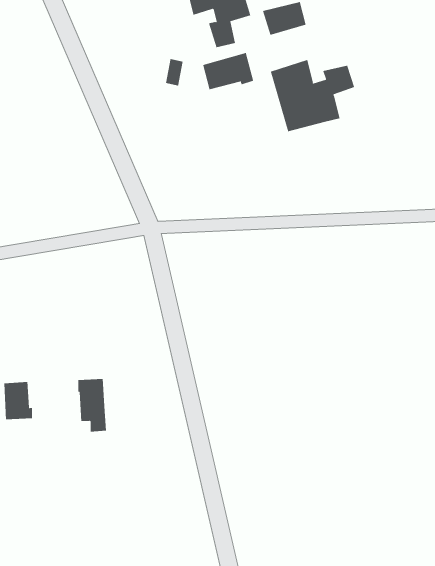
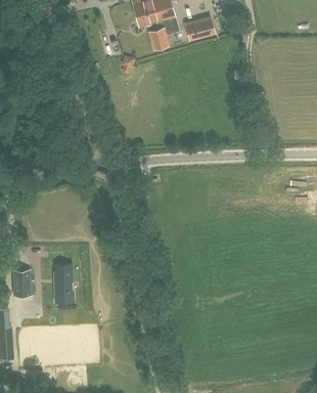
building: [202,52,254,90] -> none
building: [270,59,355,132] -> none

